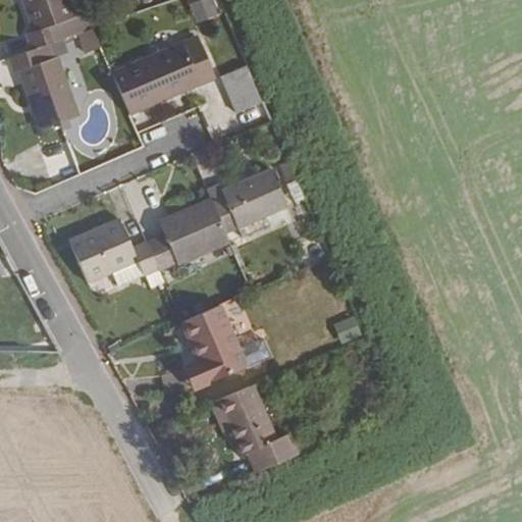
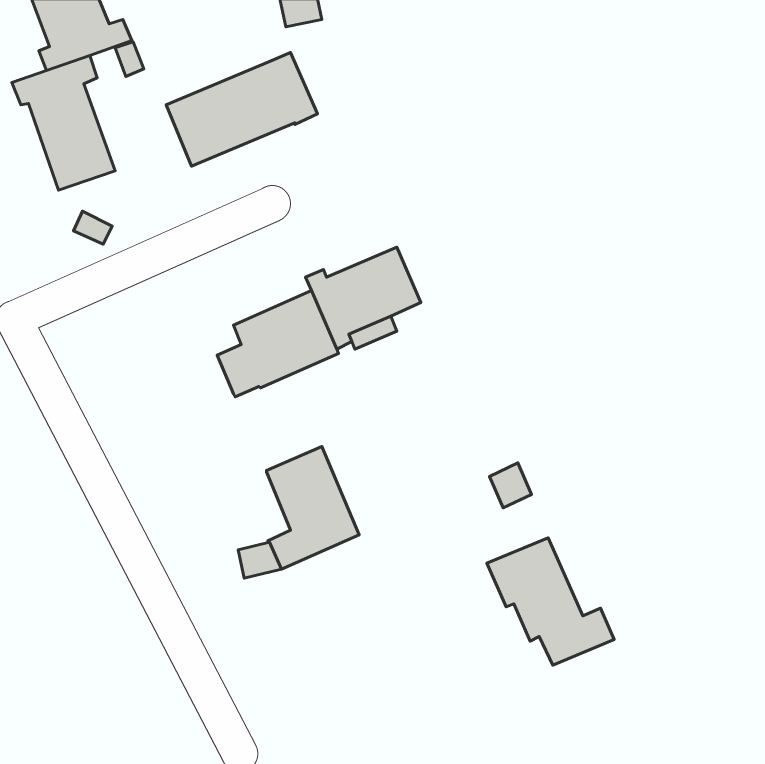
building: [221,65,262,113] -> none
building: [68,217,159,286] -> none
building: [211,385,298,472] -> [487,538,614,665]

